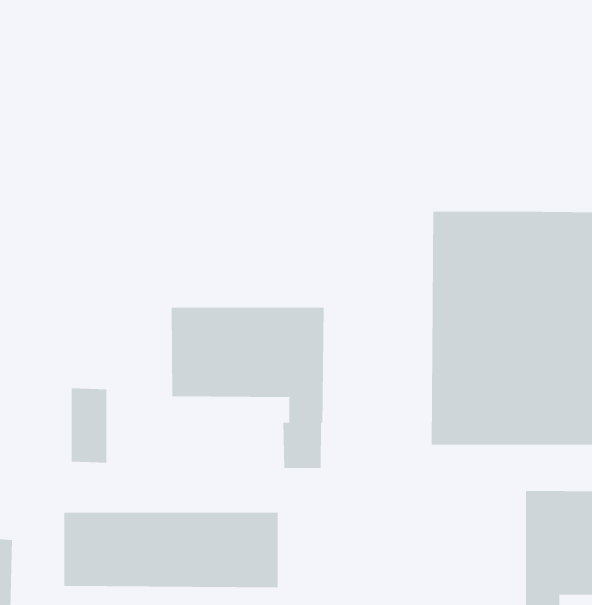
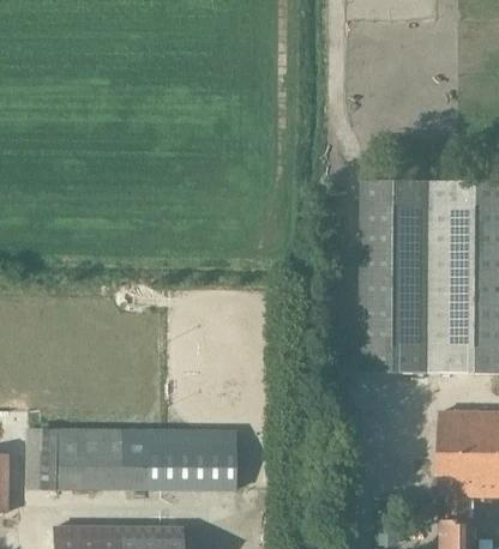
building: [171,307,324,469] -> none
building: [71,388,107,463] -> [26,428,56,490]

